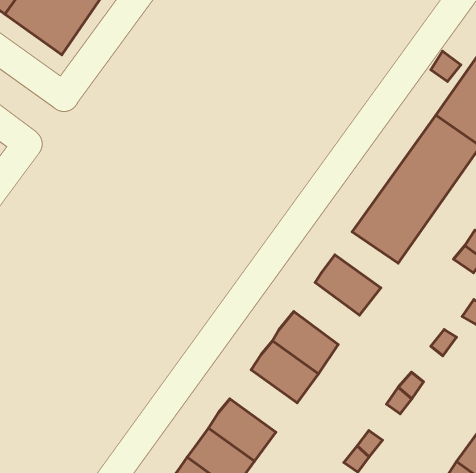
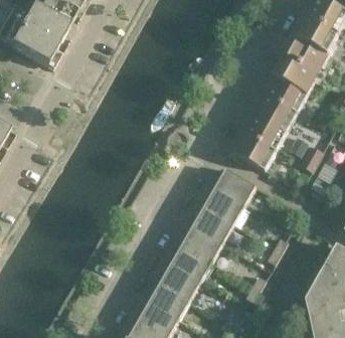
building: none -> [204,186,244,222]
building: none -> [171,243,212,280]

